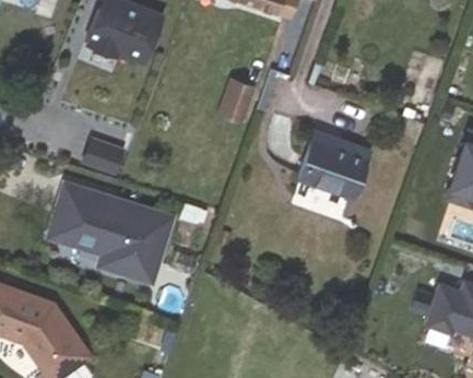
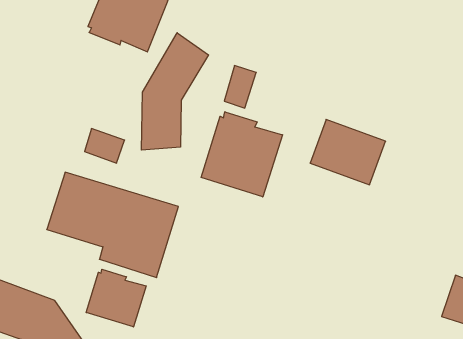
building: none -> [142,33,209,150]
building: none -> [201,112,283,197]
building: none -> [86,269,146,327]

